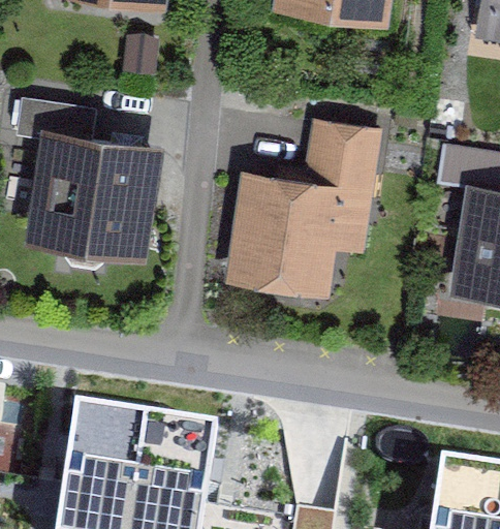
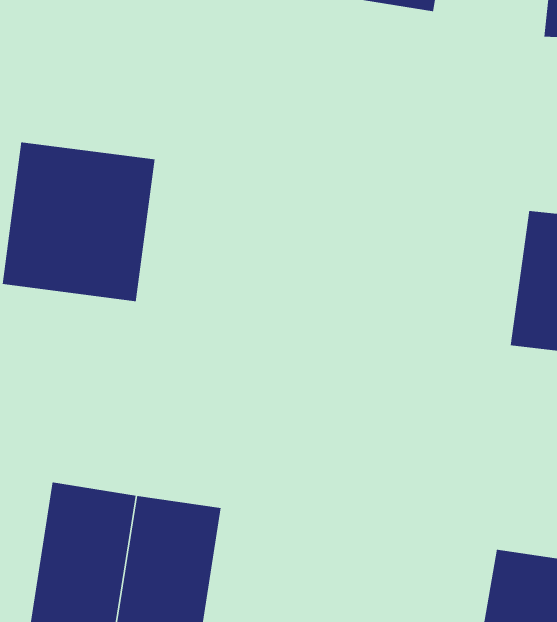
building: [223,121,381,302] -> none

